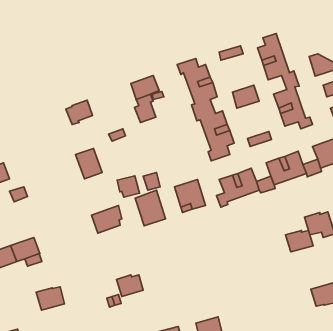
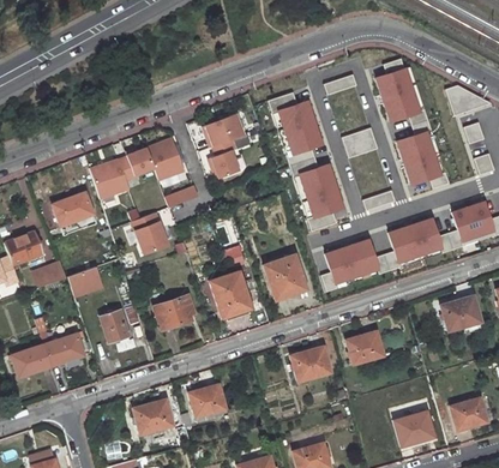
building: none -> [148,138,186,181]
building: none -> [91,160,131,199]
building: none -> [52,192,94,226]
building: [117,176,139,197] -> none
building: none -> [68,268,103,298]
building: none -> [100,311,131,346]
building: [285,231,313,252] -> [344,335,381,364]
building: none -> [289,350,330,383]
building: [36,287,65,310] -> [132,400,170,431]
building: none -> [395,409,433,442]

